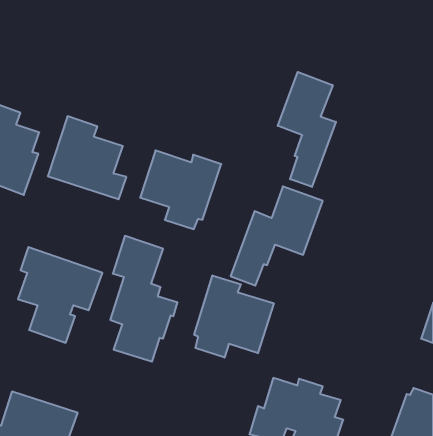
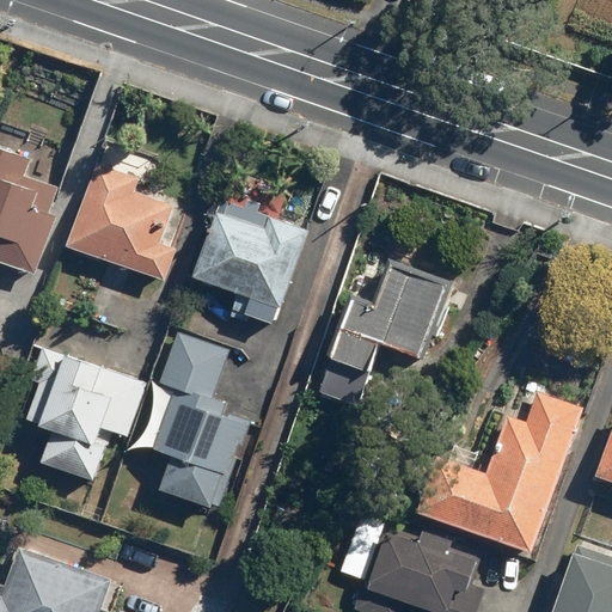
building: [278,72,336,187] -> none
building: [194,275,274,358] -> none
building: none -> [418,392,582,551]

